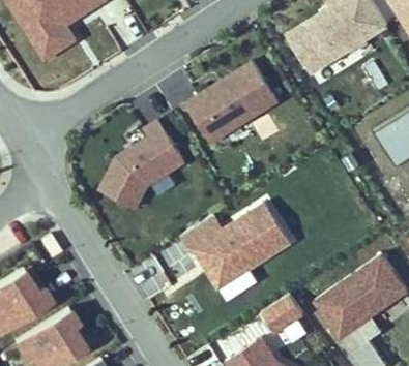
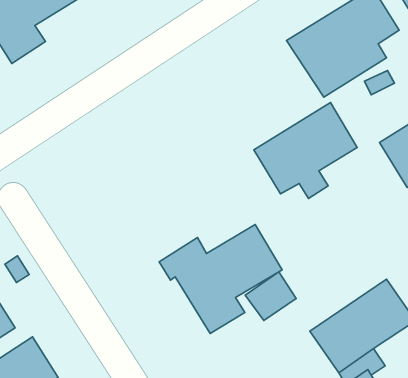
building: [184,61,276,147] -> [254,102,357,199]
building: [97,119,184,207] -> none
building: [259,287,304,331] -> [245,272,296,321]

